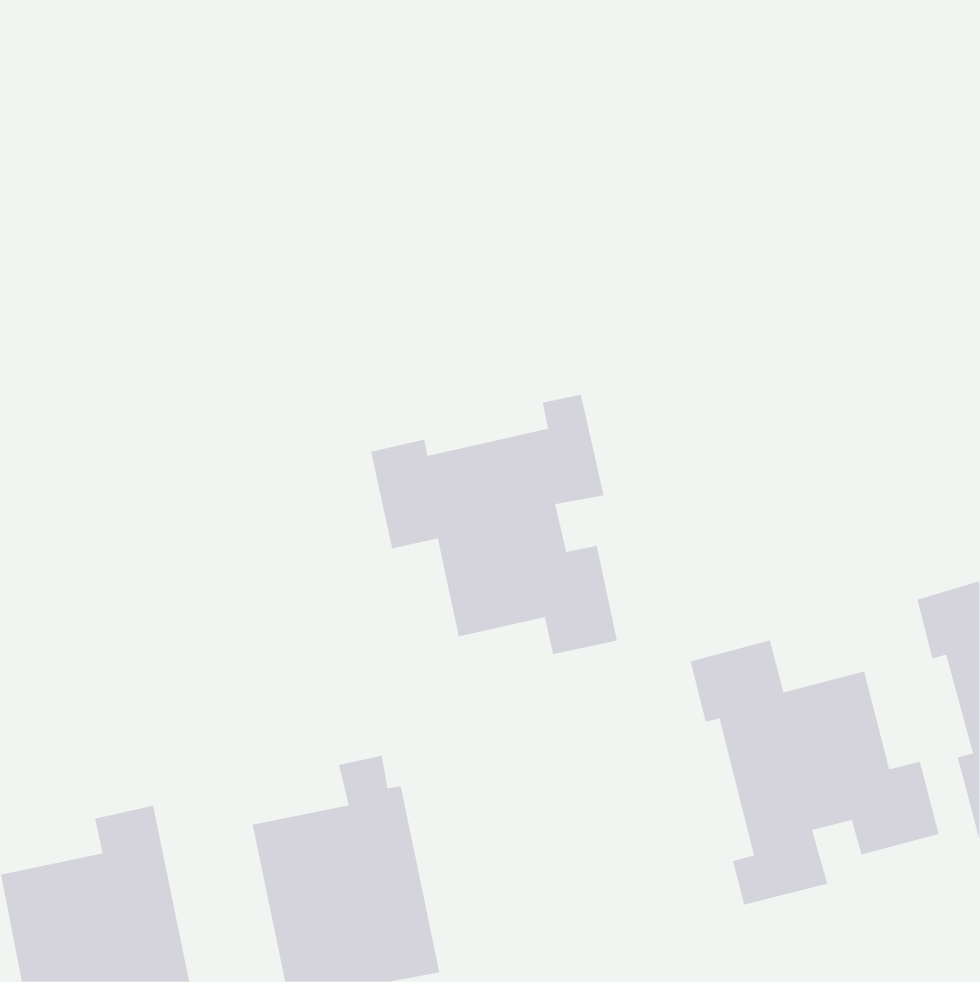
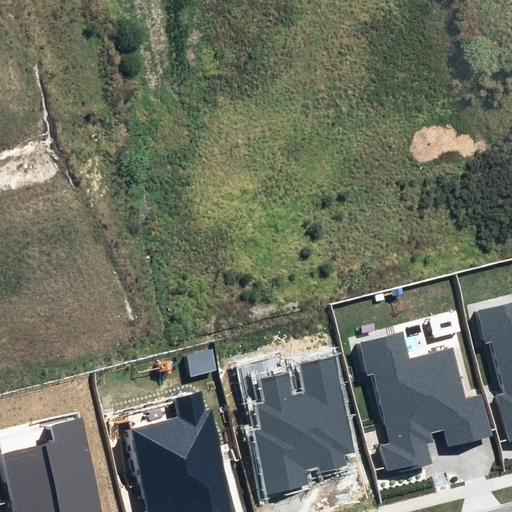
building: [371,394,617,655] -> none
building: none -> [254,355,355,493]

